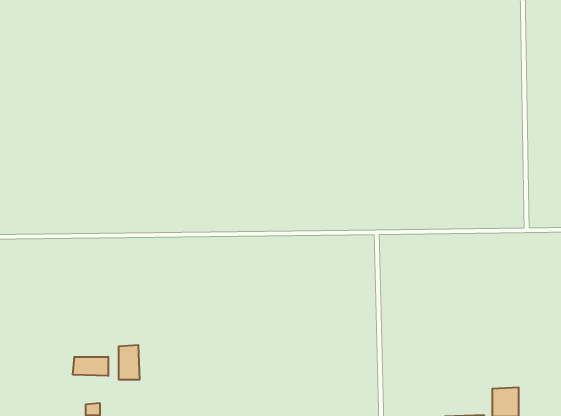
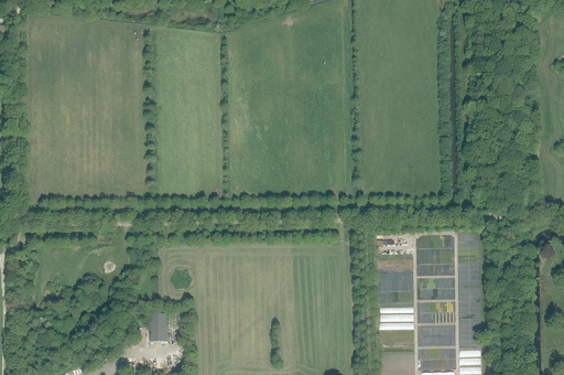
building: [73,357,108,376] -> none

